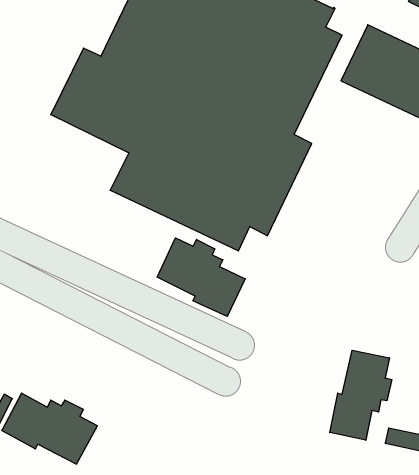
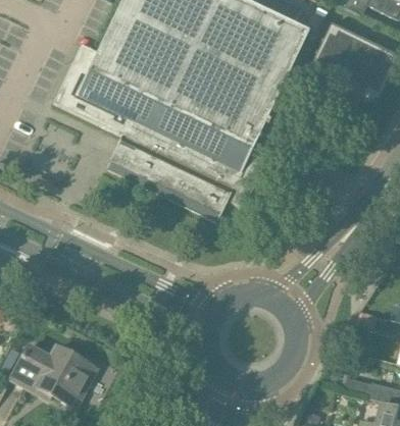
building: [157,238,245,316] -> none
building: [330,350,392,440] -> none

